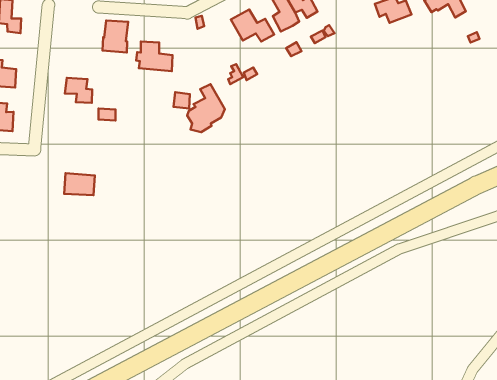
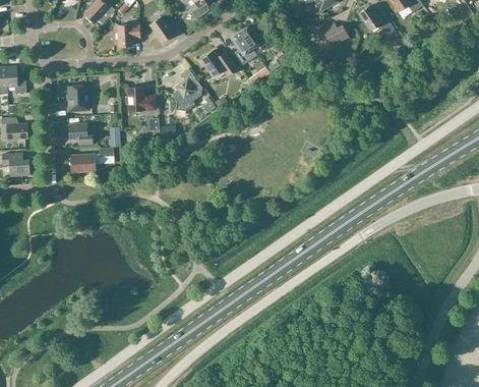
building: [103,21,128,52] -> [67,85,88,111]
building: [187,84,225,132] -> [172,68,202,109]
building: [64,173,95,195] -> [70,154,96,172]

